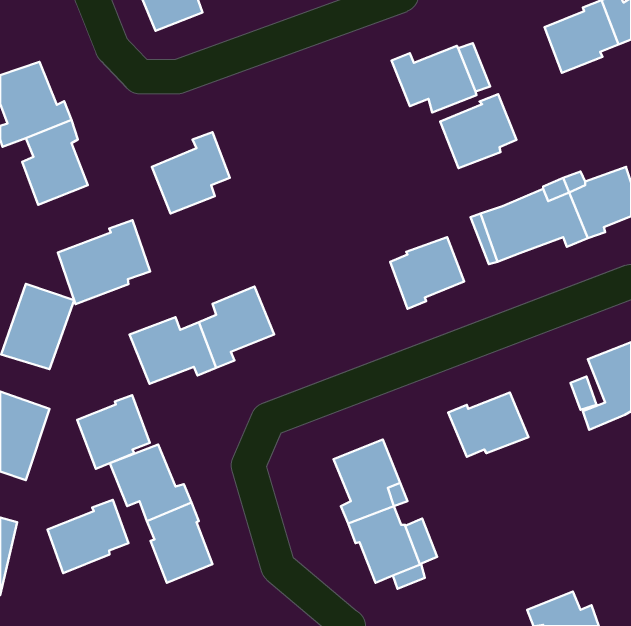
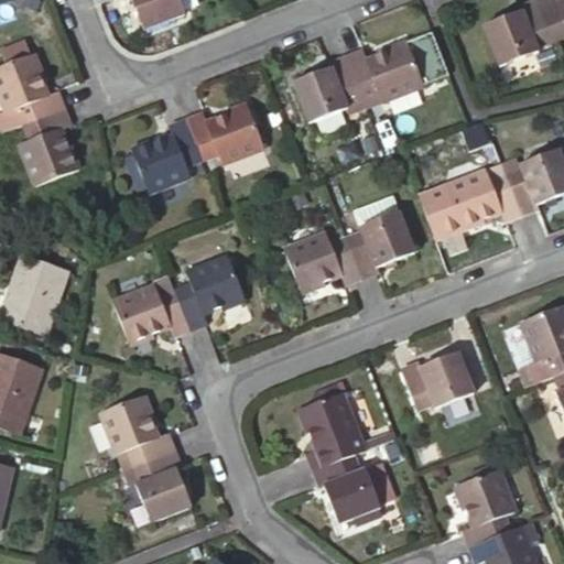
building: [440,94,517,168] -> [297,54,366,120]
building: none -> [189,105,262,163]
building: [58,220,150,304] -> none
building: none -> [289,229,364,289]
building: [77,395,150,469] -> none
building: [48,500,129,573] -> none
building: none -> [456,468,516,544]

